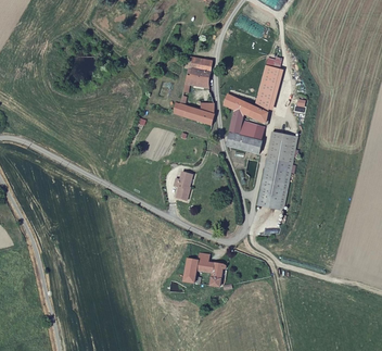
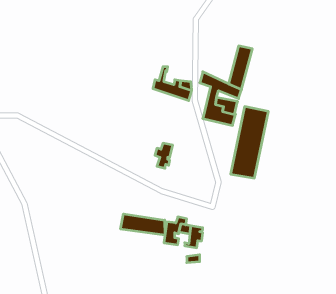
building: [183,55,213,88] -> none
building: none -> [121,214,165,235]

